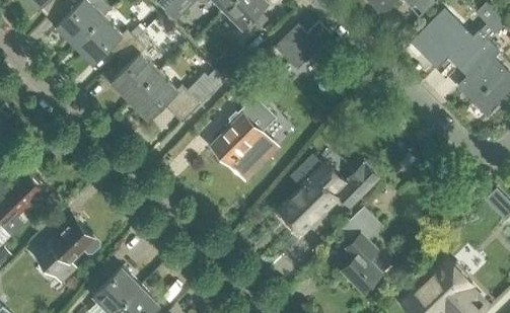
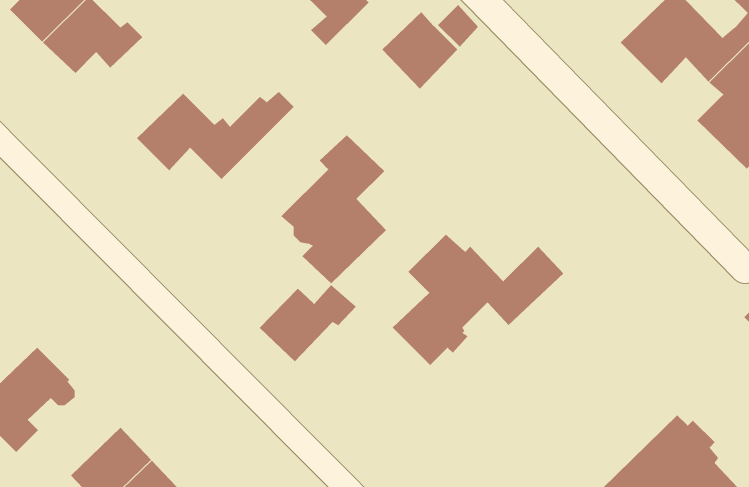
building: [112,40,158,98] -> none
building: none -> [259,284,357,362]
building: [341,207,391,293] -> none

